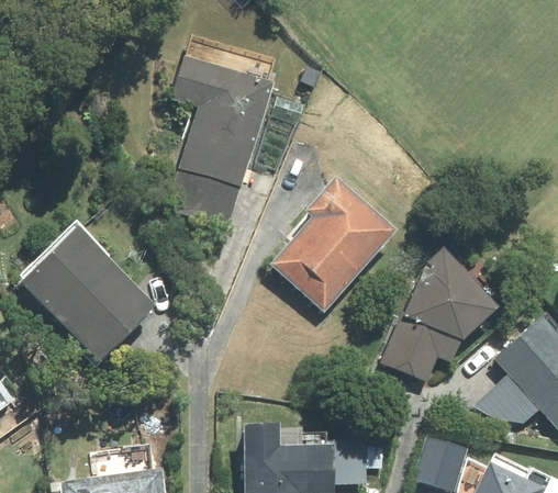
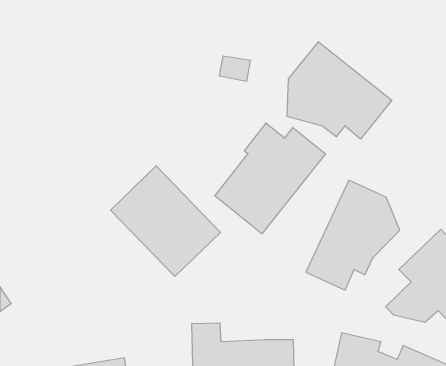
building: [167,59,266,226] -> none
building: none -> [287,42,392,139]
building: [16,225,152,361] -> [111,166,220,276]

